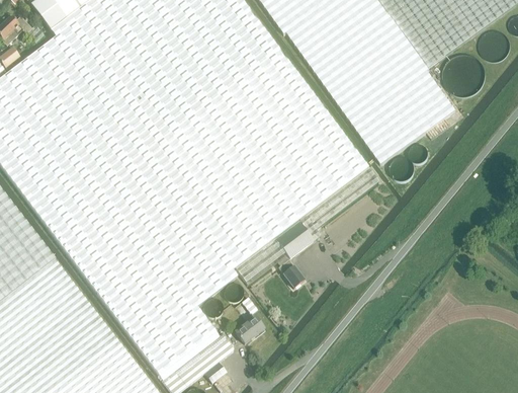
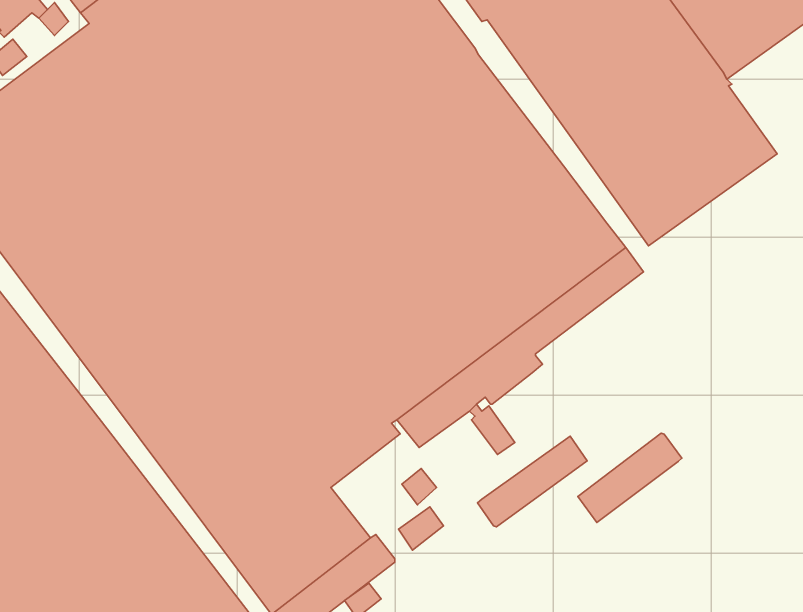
building: none -> [578,433,682,523]
building: none -> [477,436,587,527]

